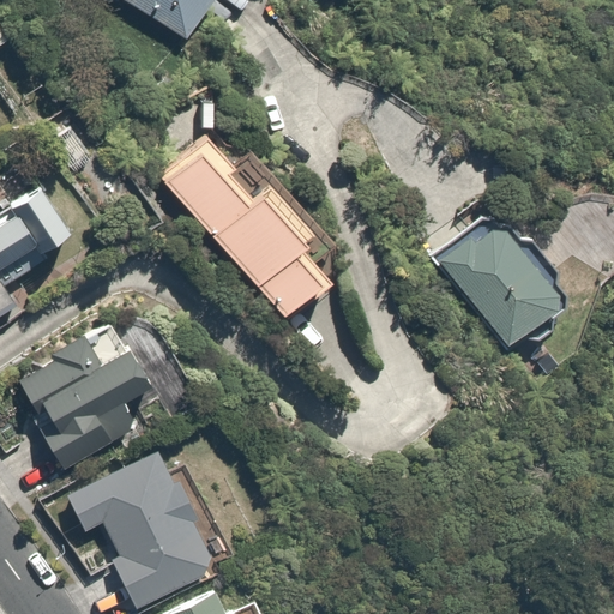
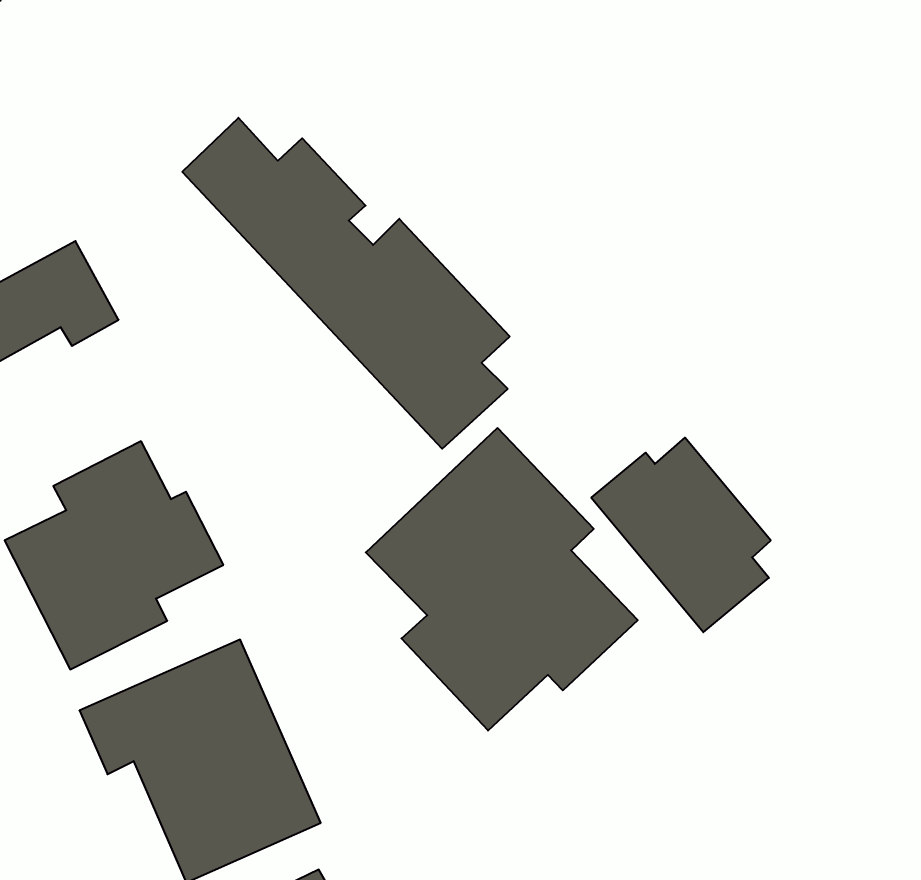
building: [415,216,530,341] -> [591,438,771,632]
building: none -> [366,428,638,731]

